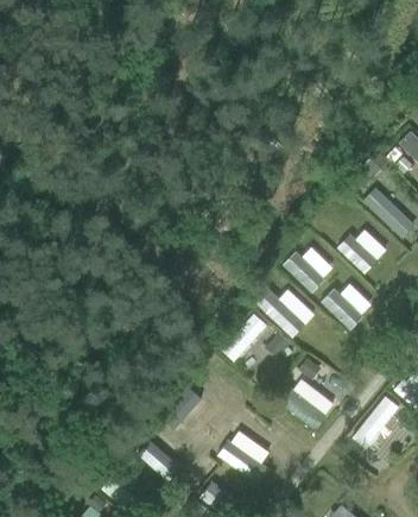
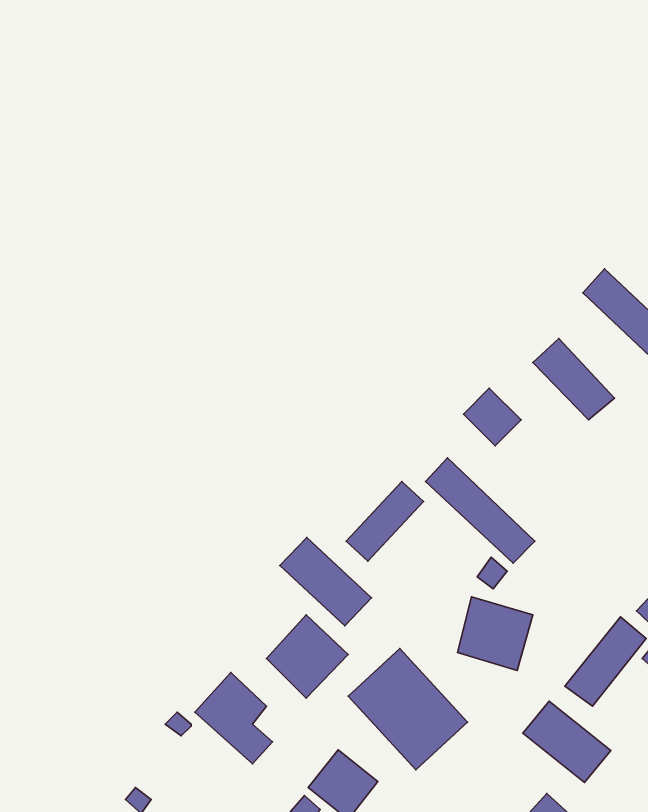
building: [322,285,365,329] -> none
building: none -> [280,537,372,626]
building: none -> [523,701,611,783]

